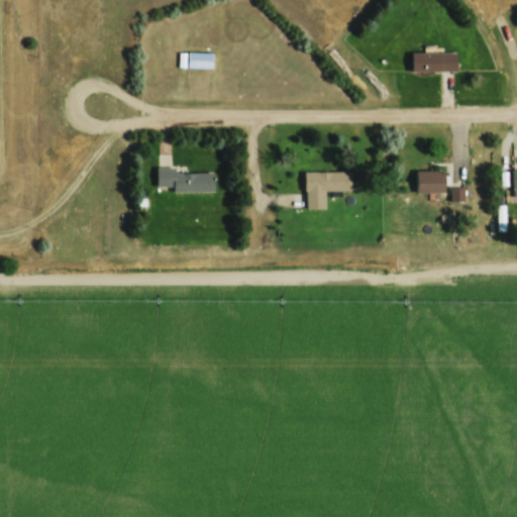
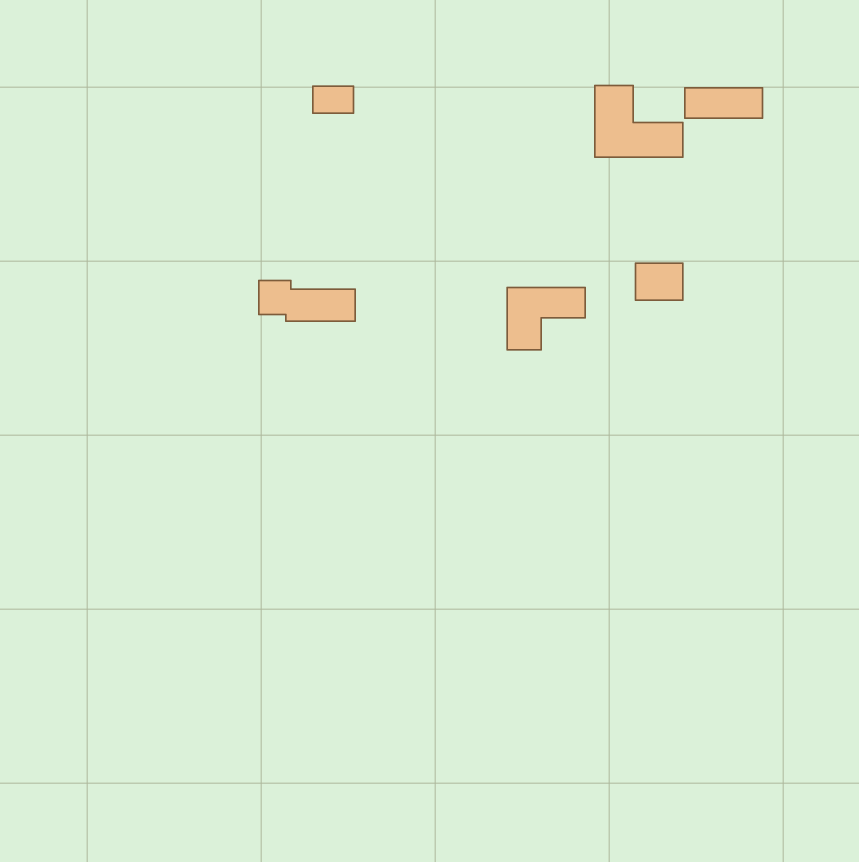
building: none -> [595,86,683,157]
building: [418,172,446,194] -> [636,263,683,300]

